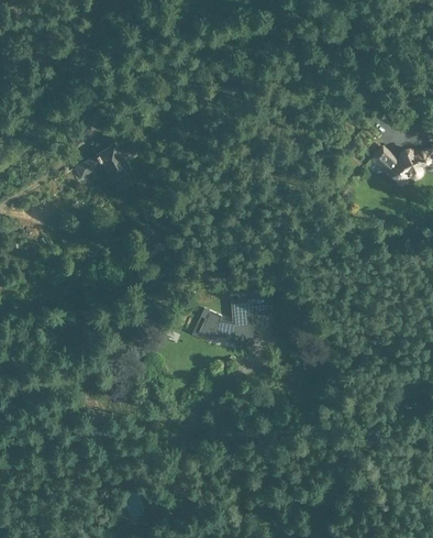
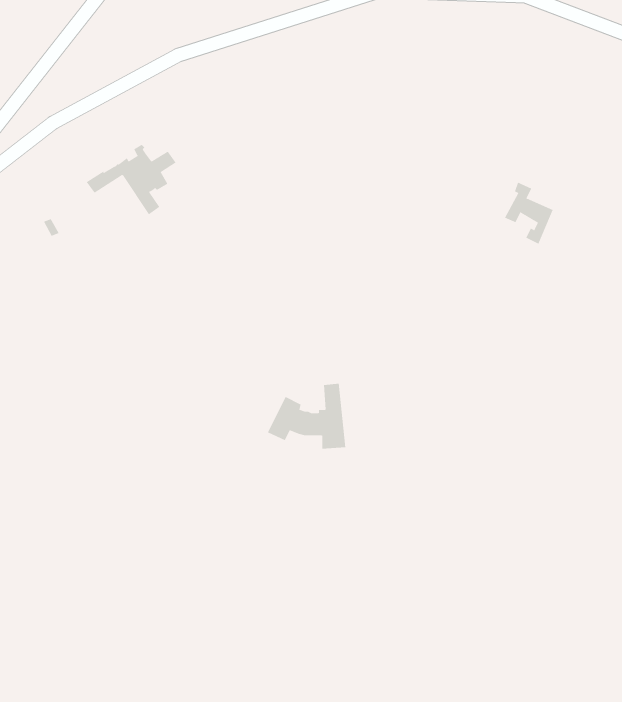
building: [376,138,409,179] -> [504,182,554,244]

